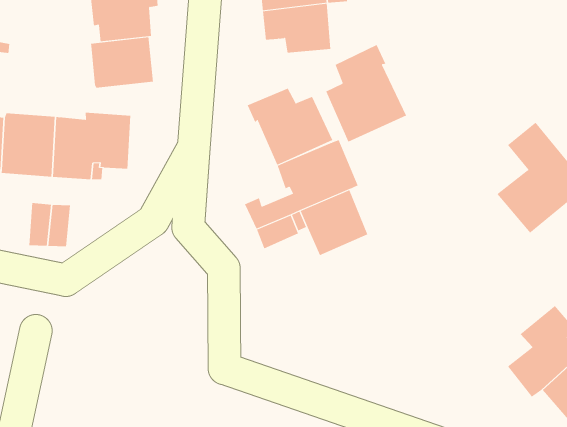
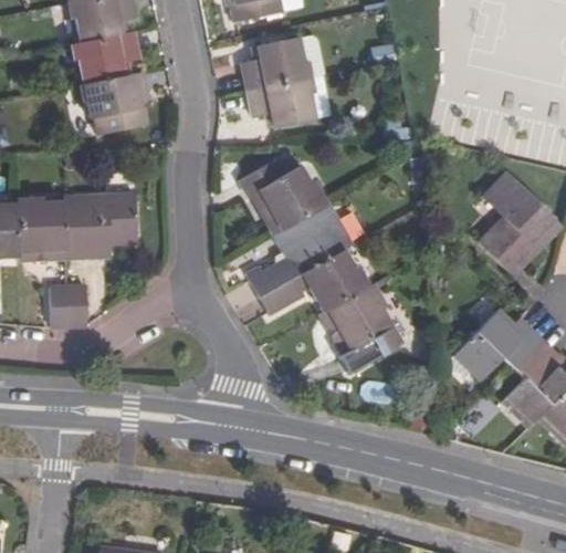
building: [90,37,153,88] -> none
building: [326,44,407,143] -> none
building: none -> [317,285,398,372]
building: none -> [455,306,543,375]

